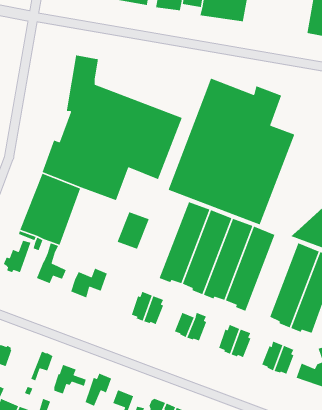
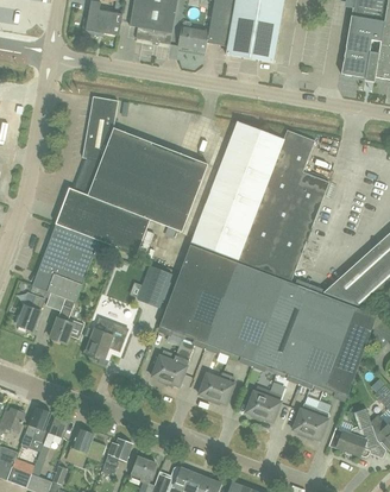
building: none -> [159,244,214,336]
building: none -> [276,289,332,378]
building: none -> [21,406,51,447]

